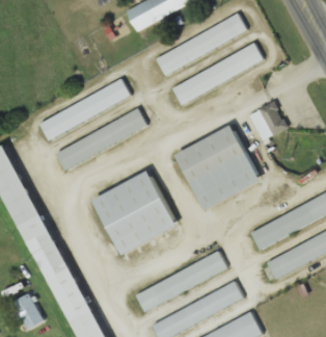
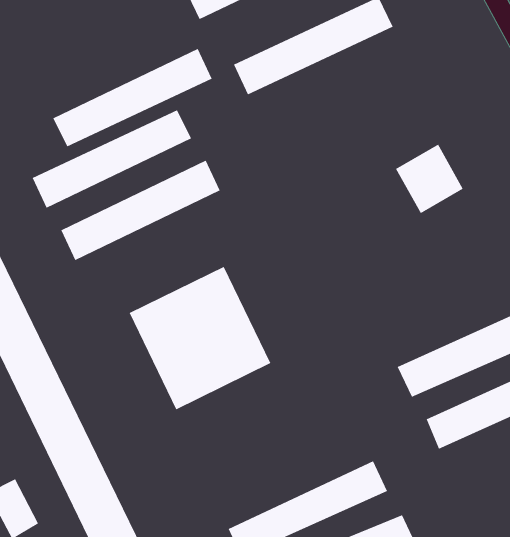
building: [170,45,263,102] -> [52,48,213,147]
building: [175,126,260,210] -> none
building: [134,254,226,311] -> none

